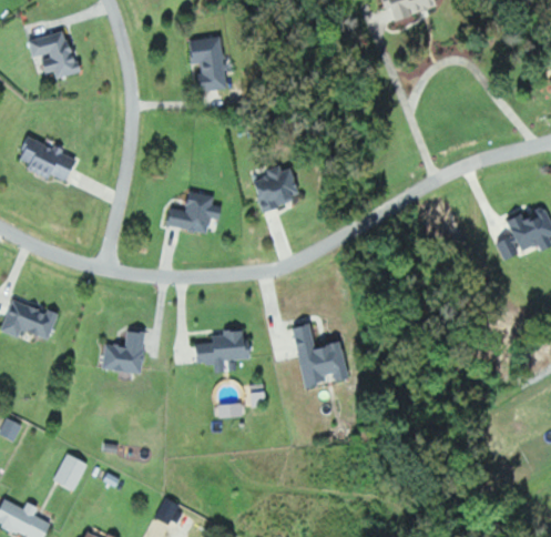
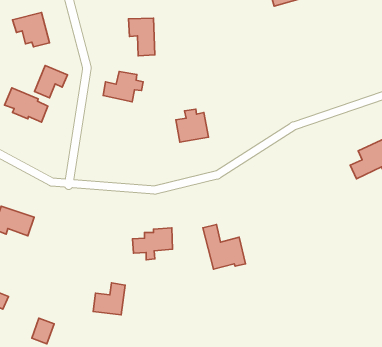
building: none -> [34,66,67,98]
building: [166,192,222,234] -> [103,71,143,102]
building: [101,330,145,374] -> [93,283,125,315]

